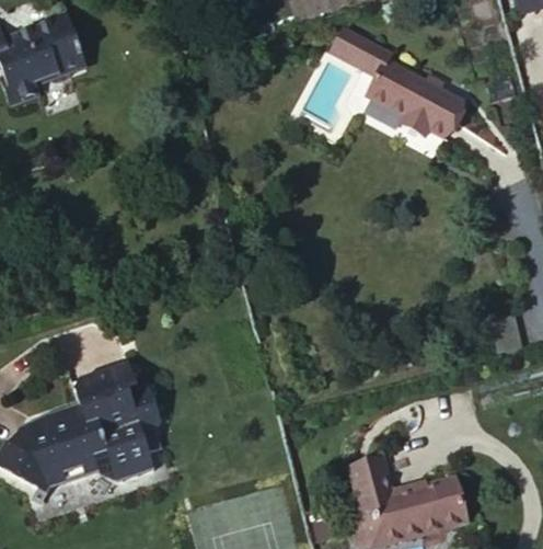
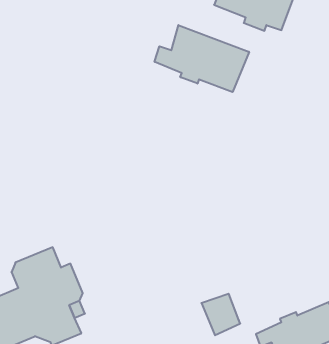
building: none -> [155,25,249,92]
building: [349,455,393,503] -> [201,294,240,335]

